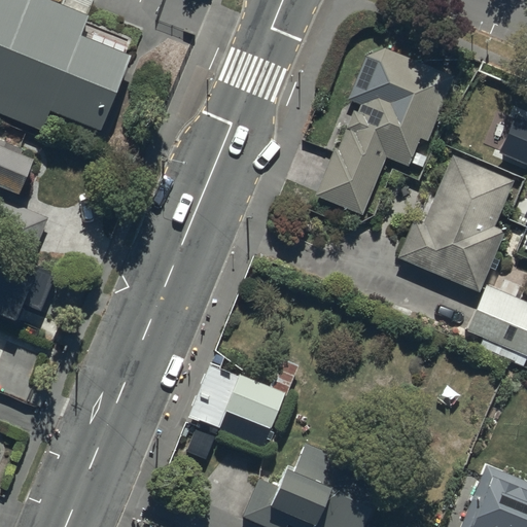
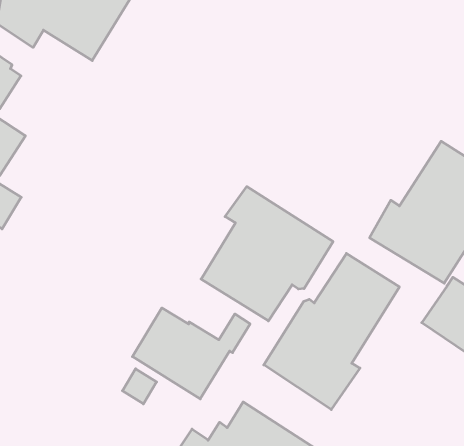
building: [316,48,455,215] -> none
building: none -> [201,187,333,321]
building: none -> [264,253,399,410]

